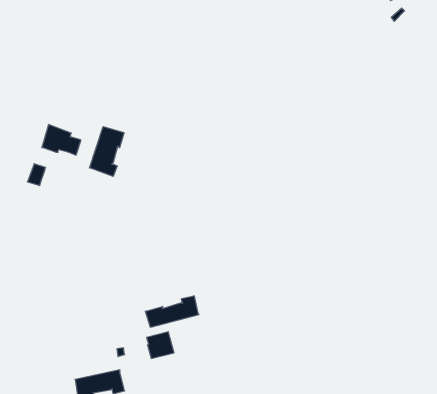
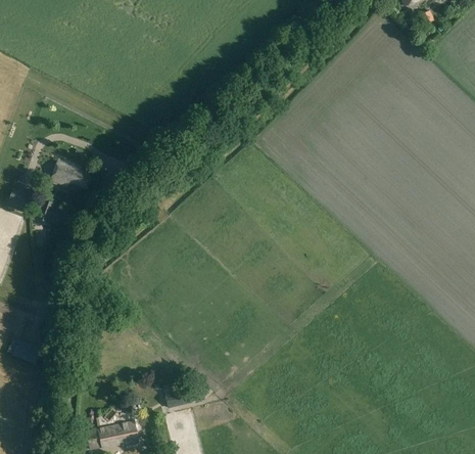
building: [89,127,124,176] -> none
building: [145,296,199,327] -> none

